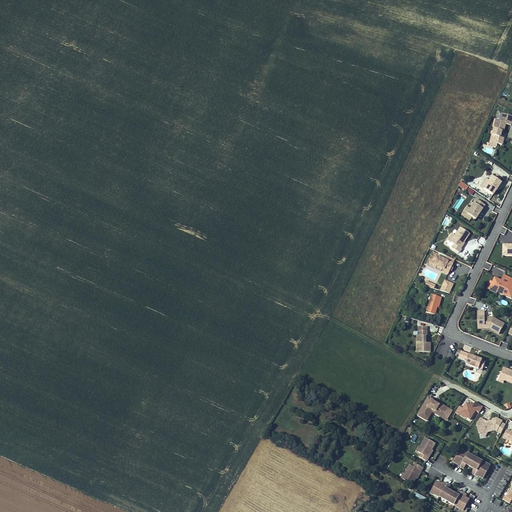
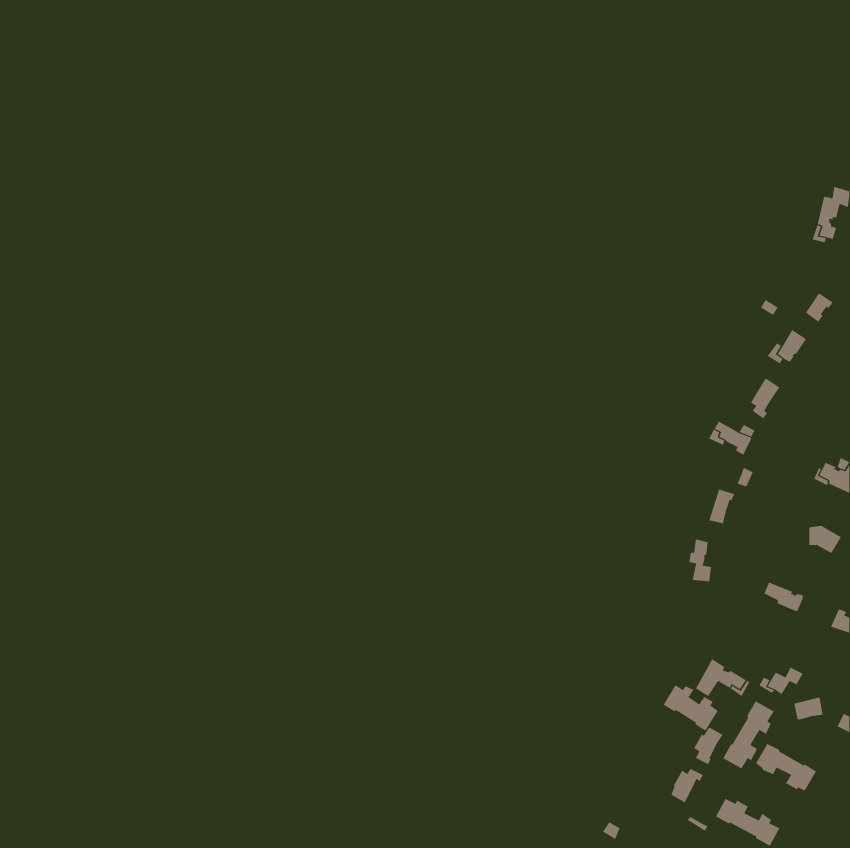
building: none -> [663,684,718,731]
building: none -> [723,700,774,769]

